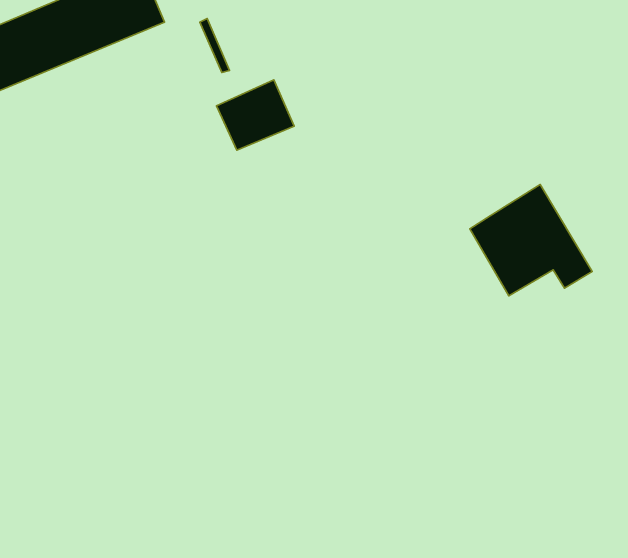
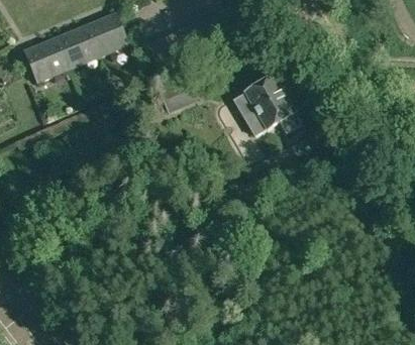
building: [470,184,592,296] -> [233,76,300,136]

